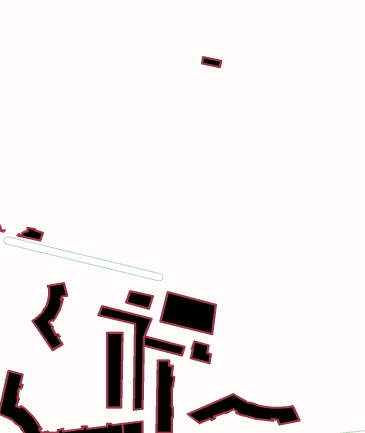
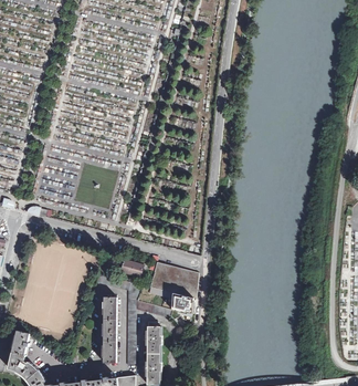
building: [33,283,67,350] -> none
building: [188,394,299,425] -> none

